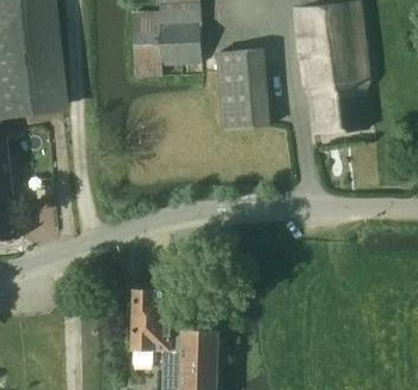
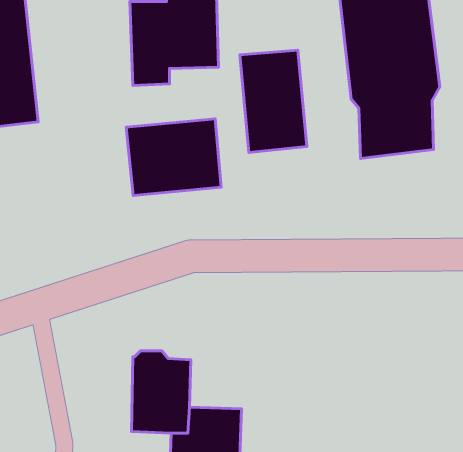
building: none -> [126,119,221,195]

